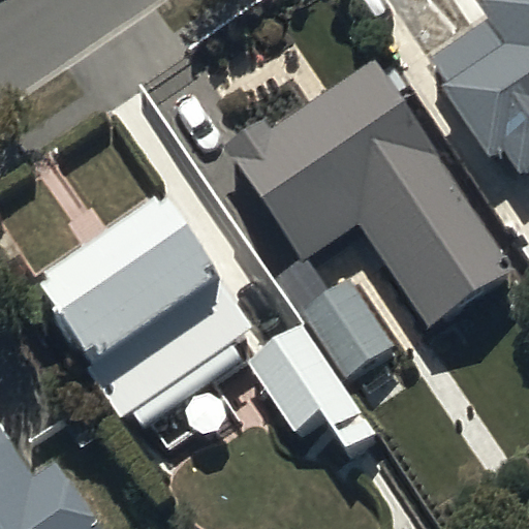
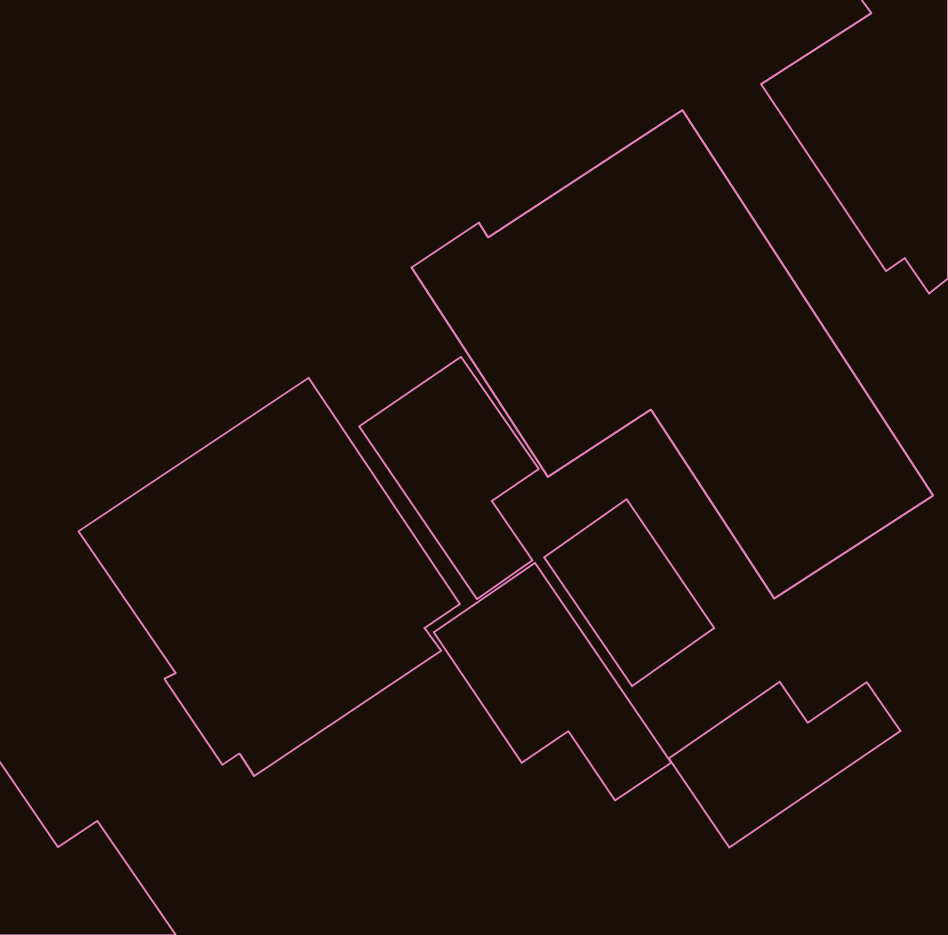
building: none -> [359,357,539,599]
building: none -> [669,682,901,848]

